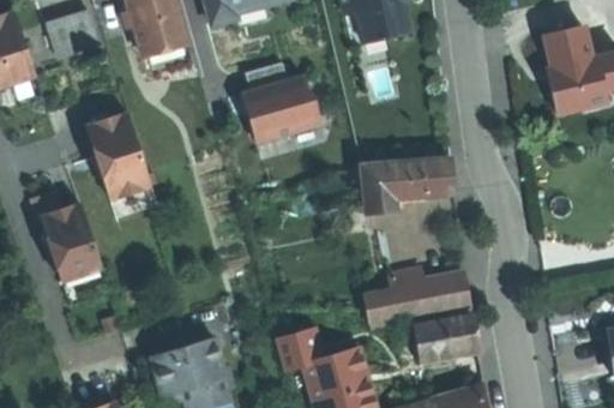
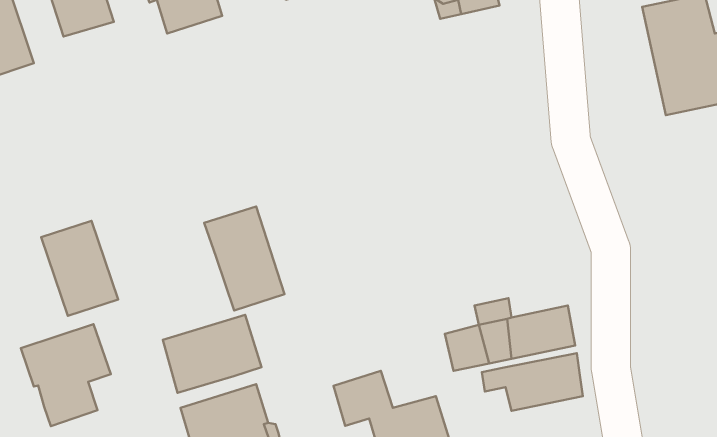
building: [229,71,313,146] -> none
building: [88,115,152,199] -> [204,207,284,311]
building: [362,156,453,209] -> none
building: none -> [163,315,261,393]
building: none -> [21,324,111,426]

